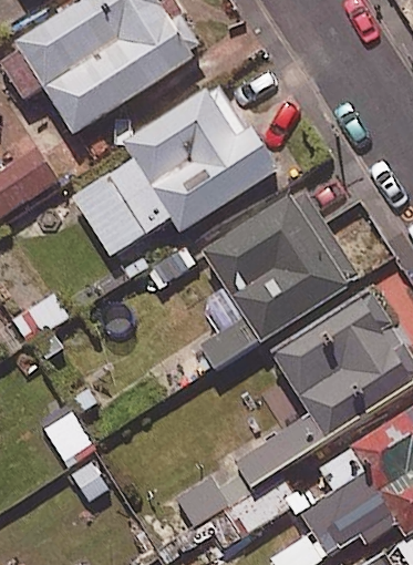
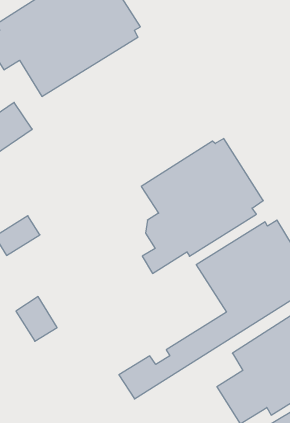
building: [89,89,276,253] -> none

